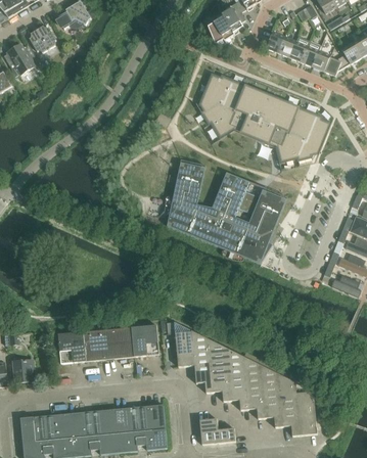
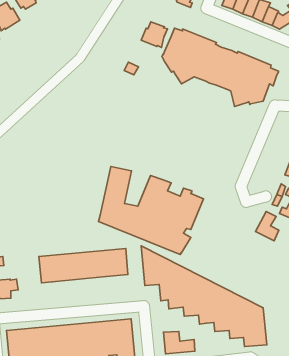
building: none -> [141,22,167,48]
building: [167,163,286,263] -> [98,166,203,255]
building: none -> [256,211,279,241]

